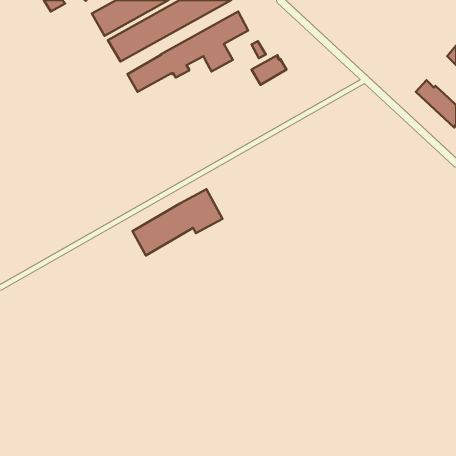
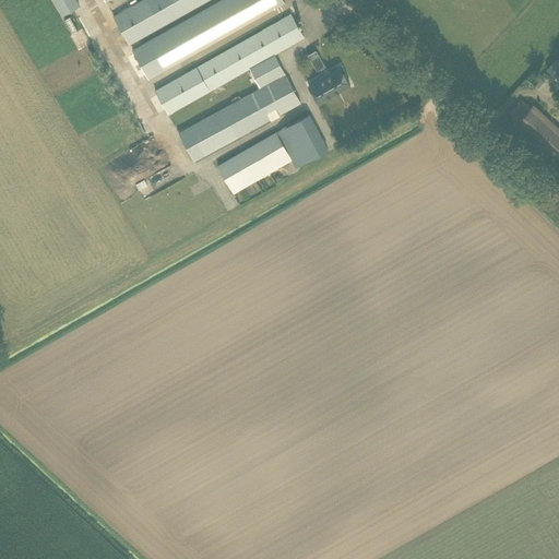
building: none -> [178,73,301,162]
building: [133,189,223,255] -> [217,114,328,194]

